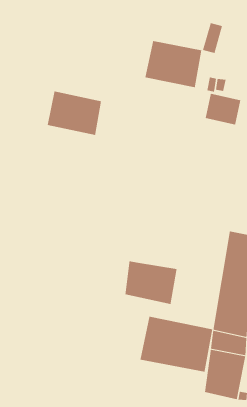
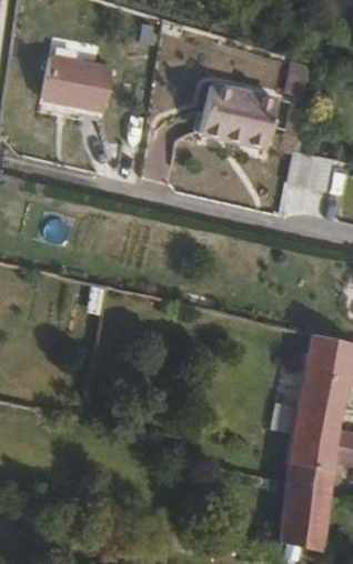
building: [47,91,102,136] -> [43,57,114,114]
building: [125,261,177,305] -> none
building: [140,316,213,373] -> none

